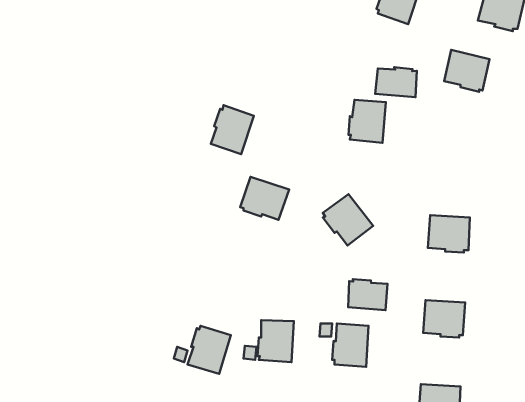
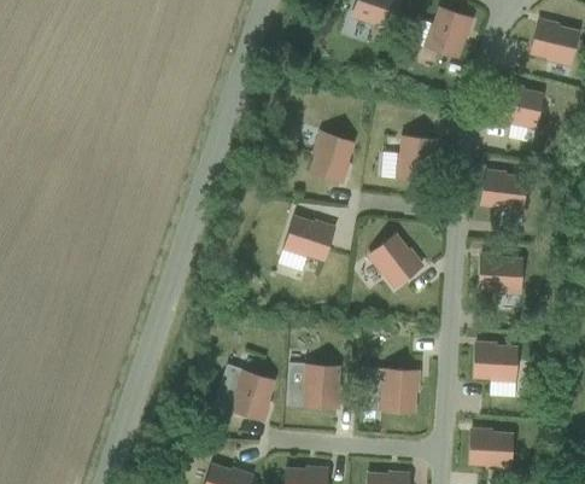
building: [375,67,417,97] -> none
building: [211,105,254,154] -> [310,130,355,181]
building: none -> [481,170,527,211]
building: [348,279,387,310] -> none

